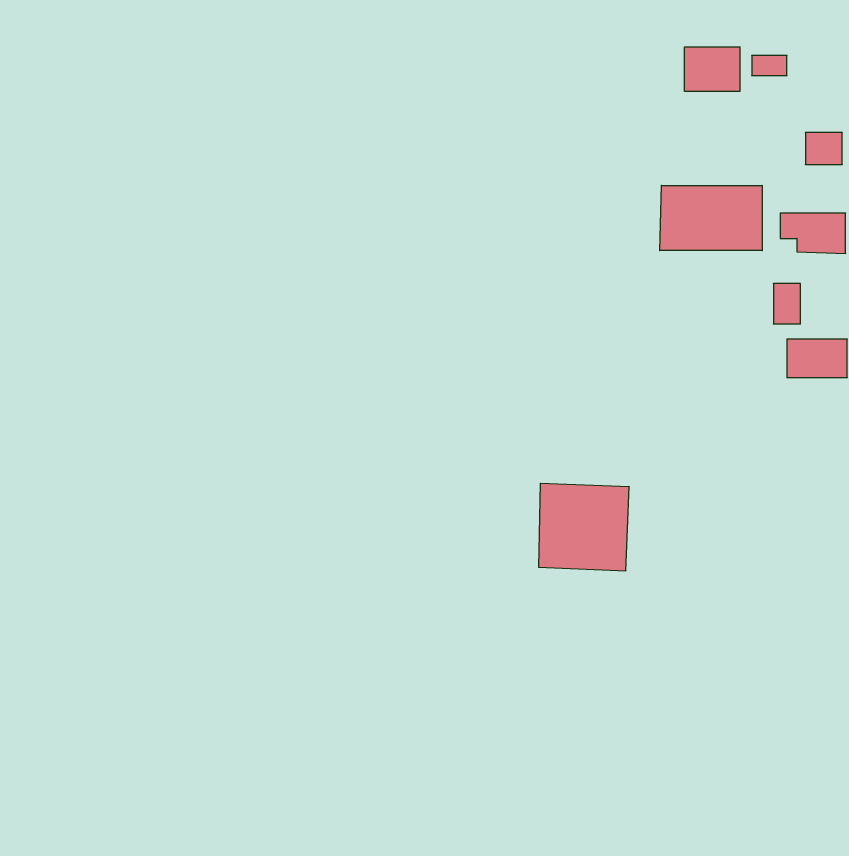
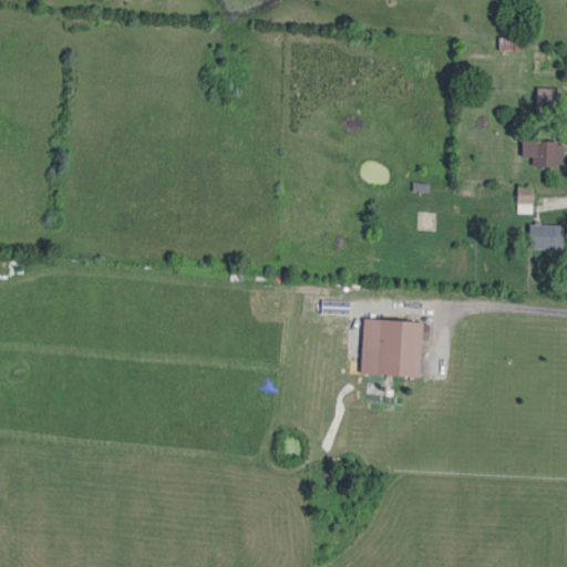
building: [685,47,740,91] -> none
building: [660,185,762,251] -> none

